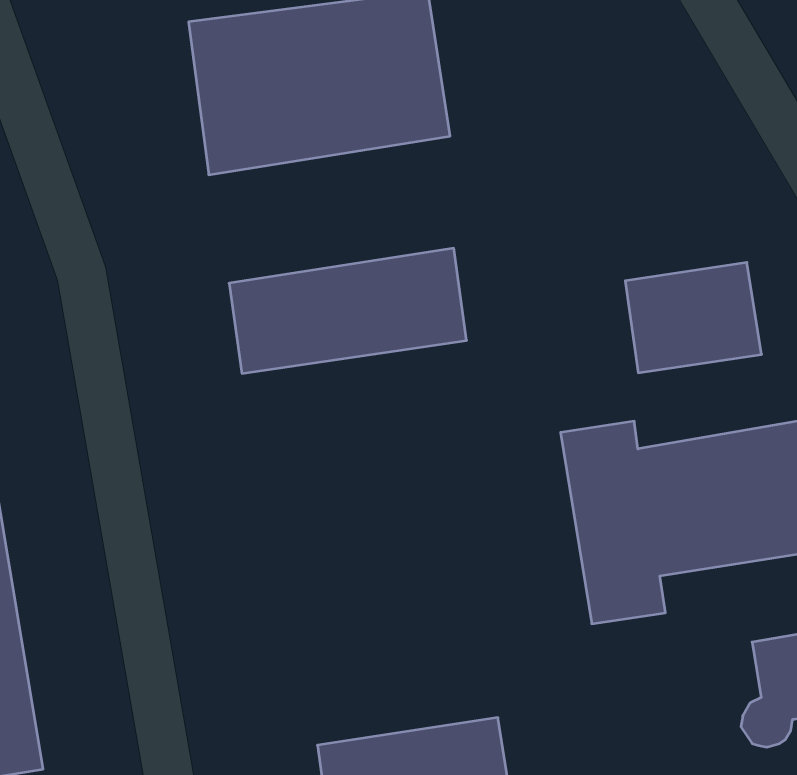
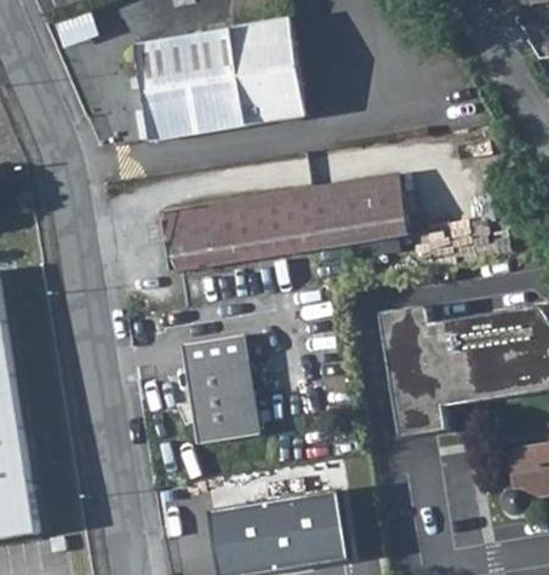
building: [625,262,762,373] -> [310,176,400,248]
building: none -> [179,334,261,443]

